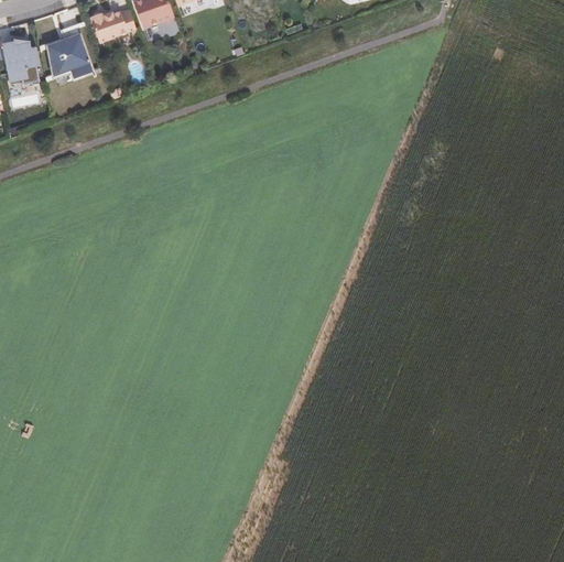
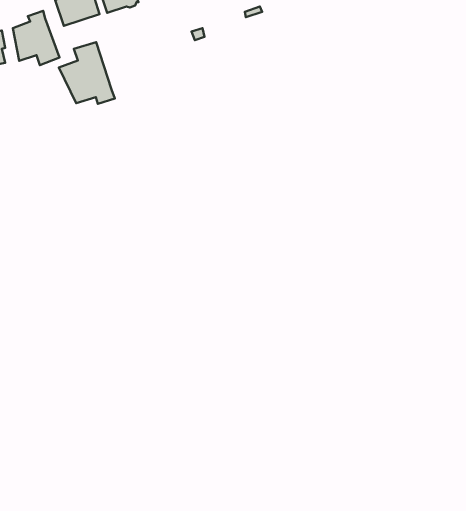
building: none -> [59,42,115,104]

